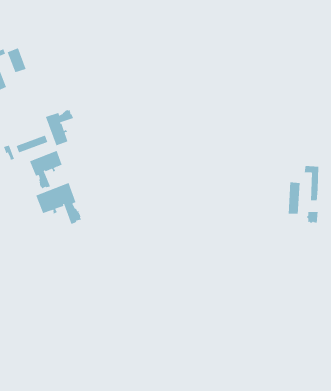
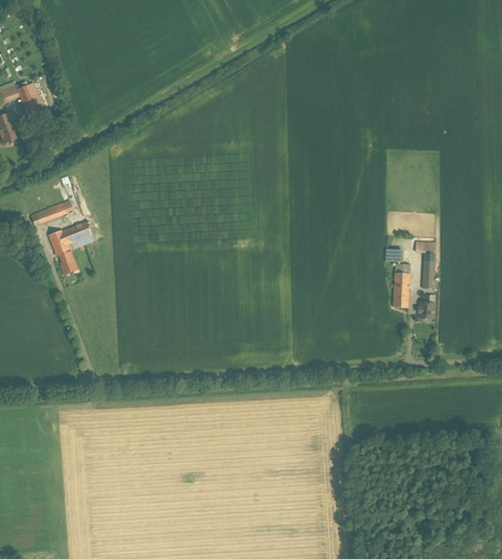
building: [45,109,74,146] -> none
building: [35,182,82,225] -> none

